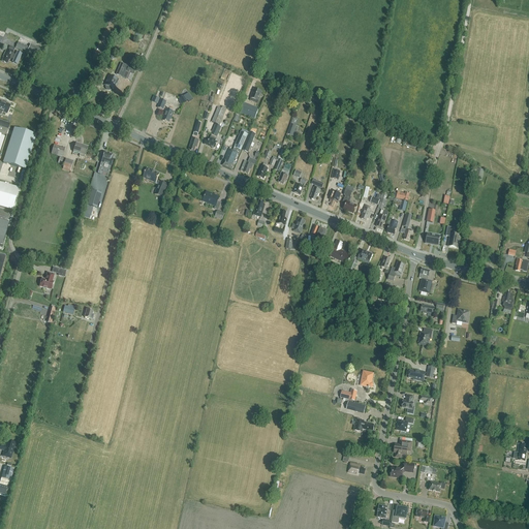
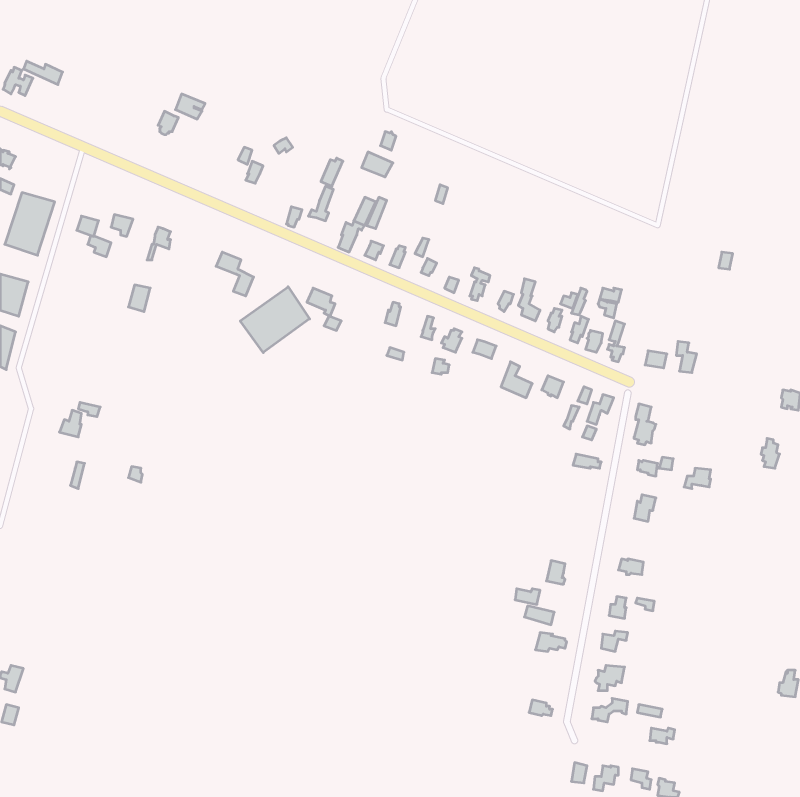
building: none -> [240,287,310,353]

